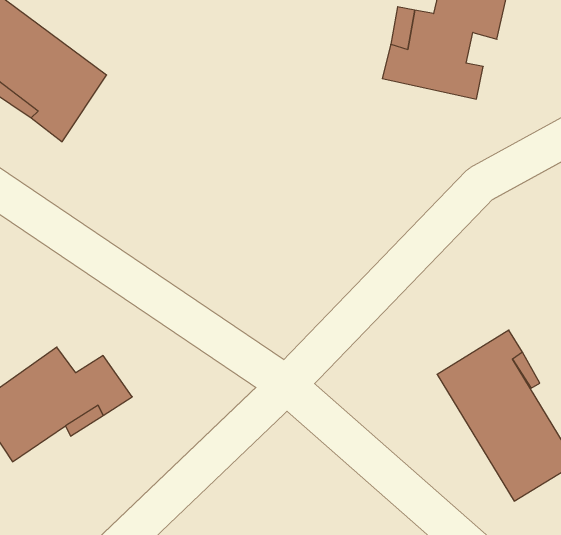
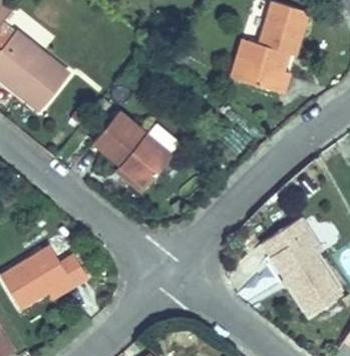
building: none -> [98,113,179,187]

